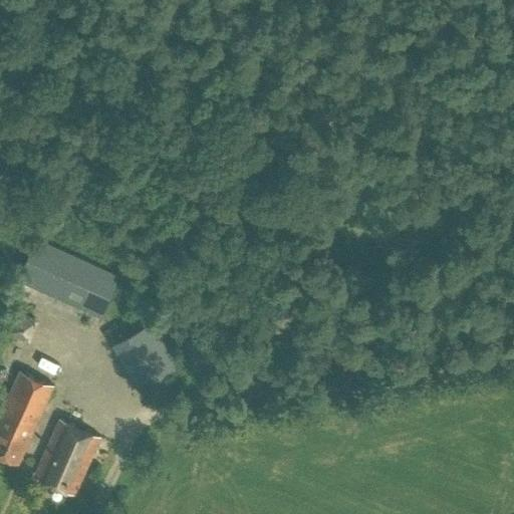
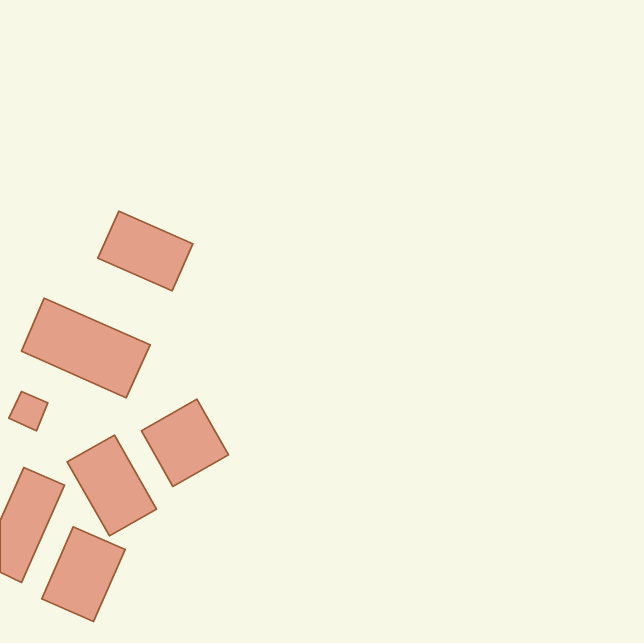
building: none -> [98,211,193,291]
building: none -> [67,435,157,536]

